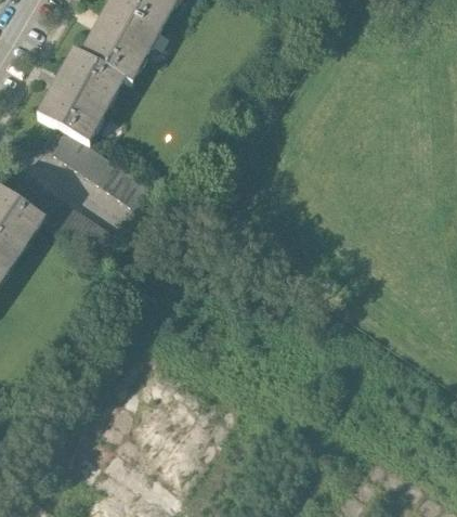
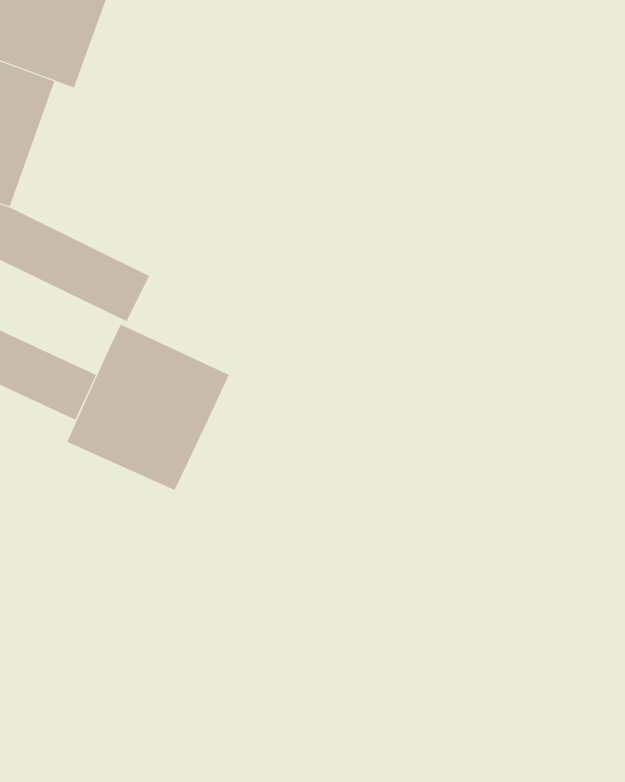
building: none -> [67,324,230,491]

